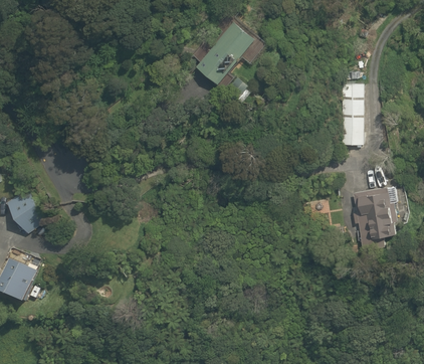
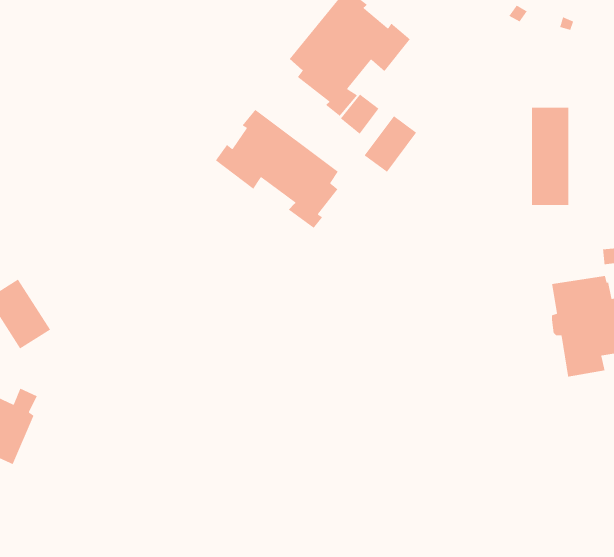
building: none -> [215,109,339,229]
building: none -> [364,115,417,173]

